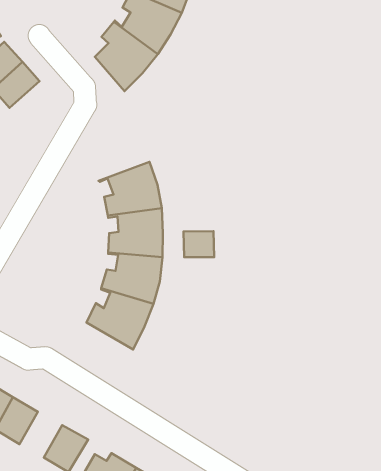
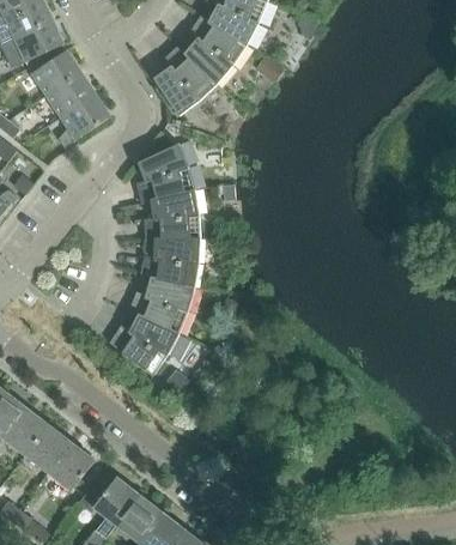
building: none -> [57,95,109,147]
building: none -> [135,143,194,202]
building: [184,231,214,257] -> none
building: none -> [25,425,71,472]

